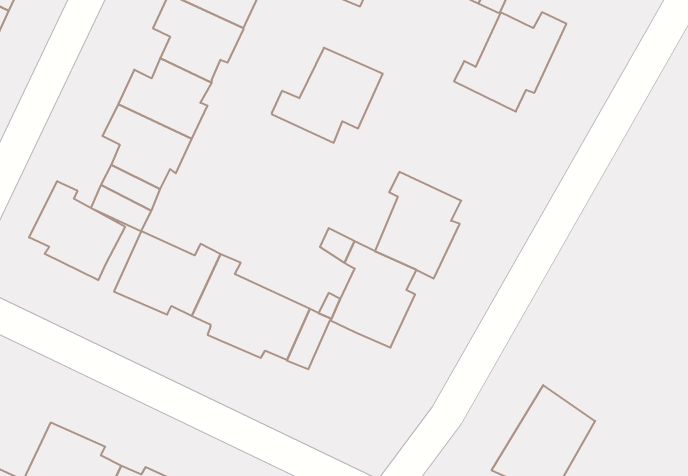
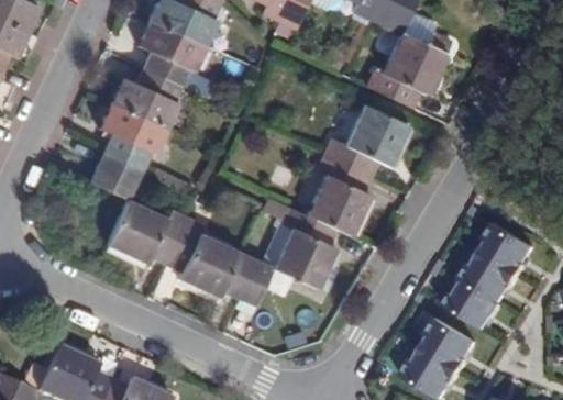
building: [272,48,383,143] -> [325,103,410,176]
building: [29,181,125,280] -> none
building: none -> [443,222,537,333]

